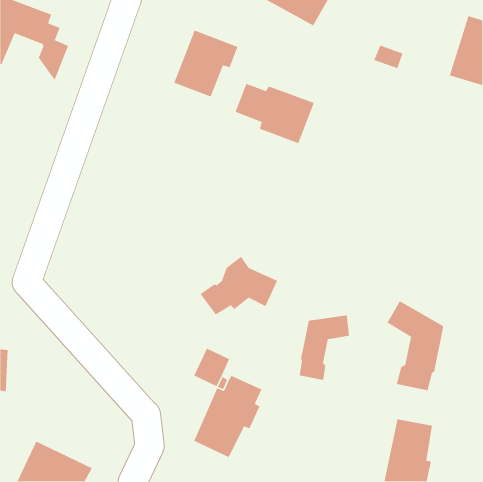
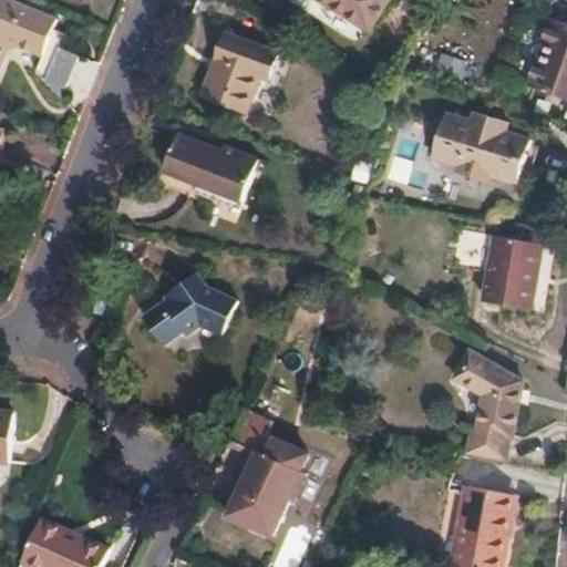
building: [234,83,315,144] -> [165,136,259,208]
building: none -> [433,112,528,181]
building: none -> [482,238,538,298]
building: [199,256,278,316] -> [143,272,235,342]
building: [299,314,350,381] -> none

